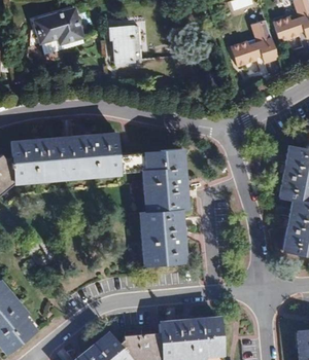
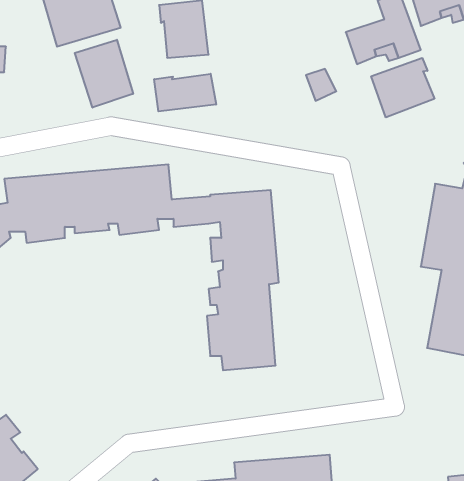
building: none -> [75,40,133,108]
building: none -> [371,58,434,117]
building: none -> [154,74,216,111]

